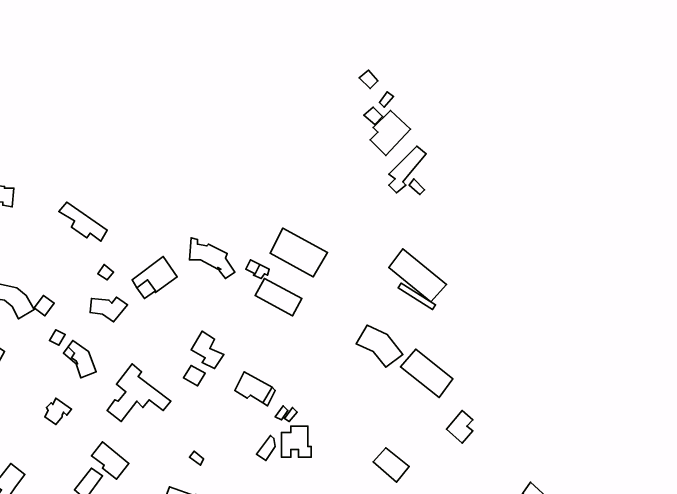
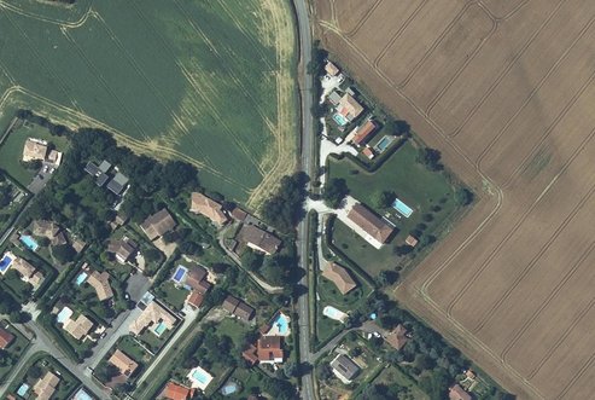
building: [270,228,328,277] -> none
building: [401,349,453,398] -> none

